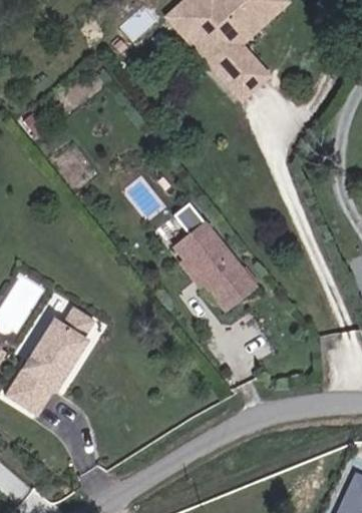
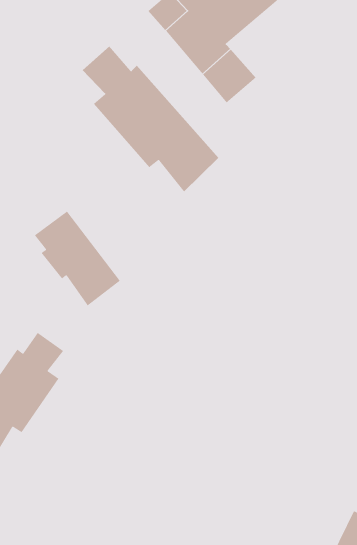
building: none -> [82,46,219,193]
building: [177,222,256,309] -> [34,211,121,306]

